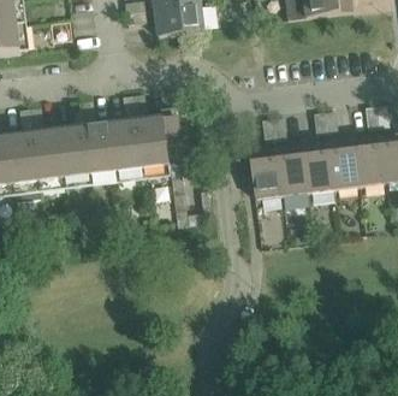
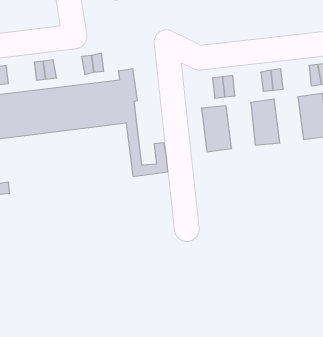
building: [327,137,358,187] -> none
building: [275,143,307,193] -> none

